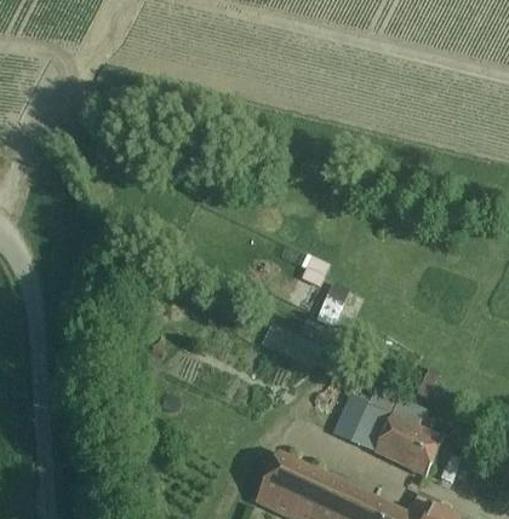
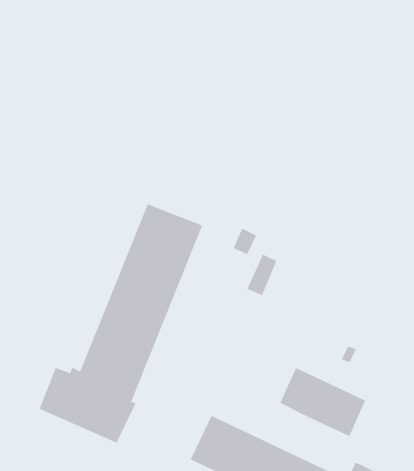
building: none -> [39,204,203,443]

